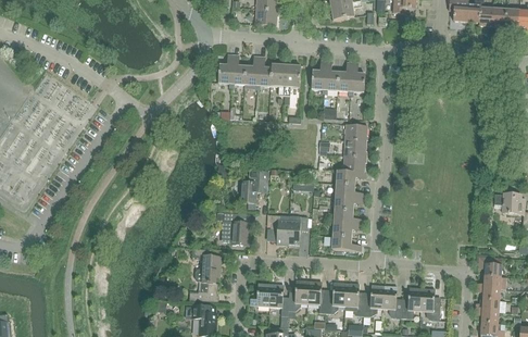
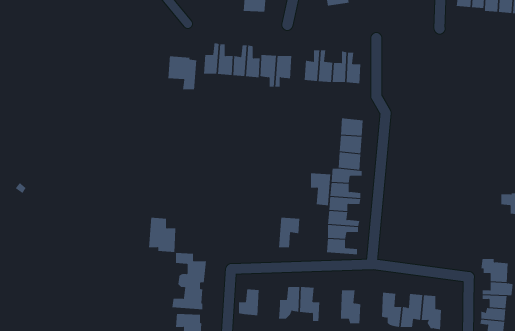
building: none -> [168,56,197,90]
building: [239,171,267,202] -> none
building: [222,212,248,245] -> [148,217,176,252]
building: [269,214,289,245] -> [310,173,331,206]
building: [325,282,345,313] -> none
building: [268,283,288,315] -> none
building: [363,284,384,315] -> none

